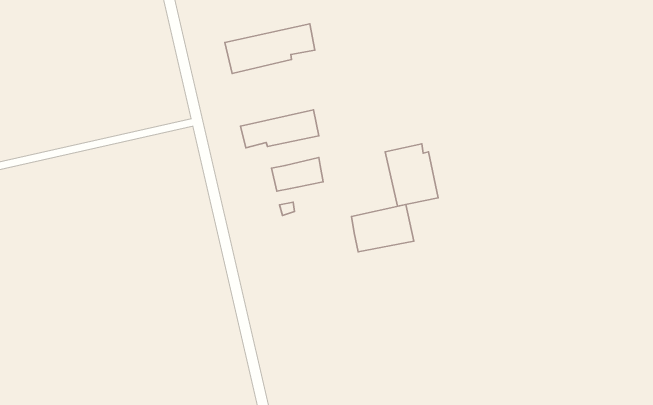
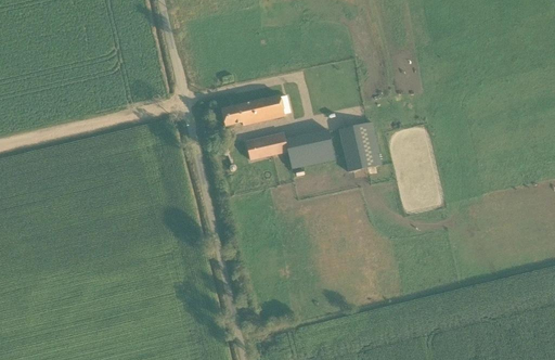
building: [225,24,315,73] -> none
building: [352,204,414,252] -> [286,130,336,168]

